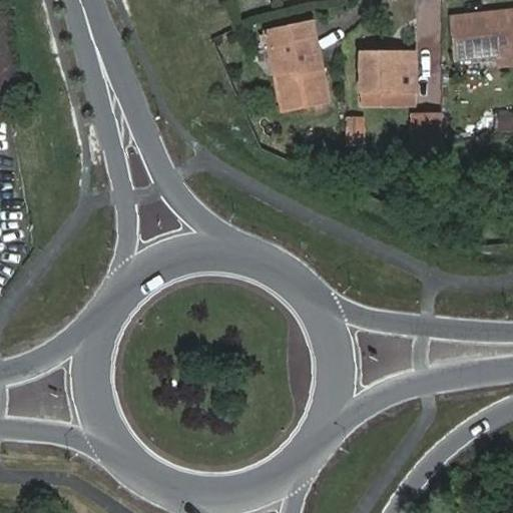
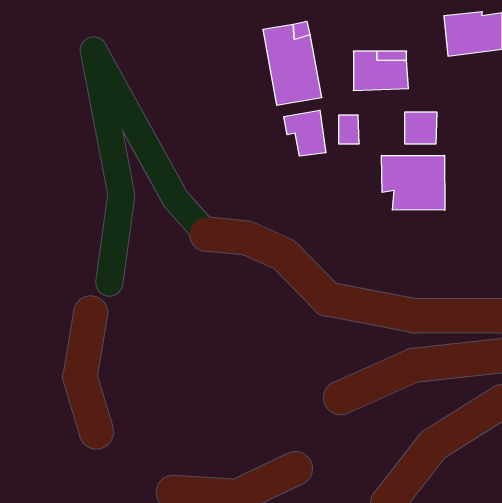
building: none -> [284,110,326,156]
building: none -> [382,155,445,210]

